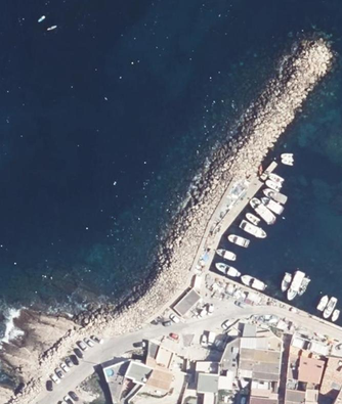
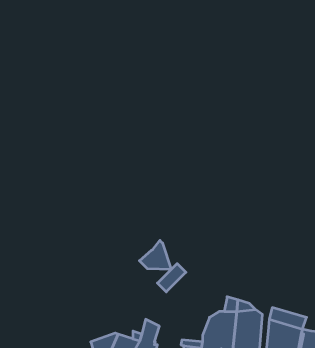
building: none -> [139,240,171,269]

